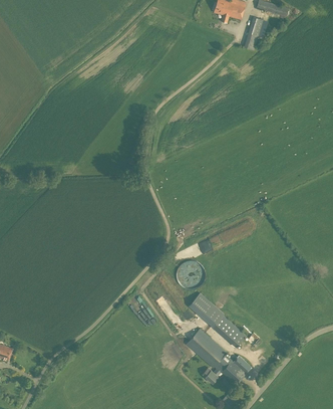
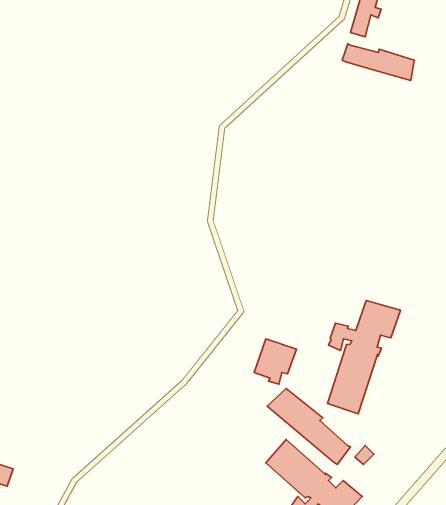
building: none -> [342,44,414,81]
building: none -> [327,301,401,414]

